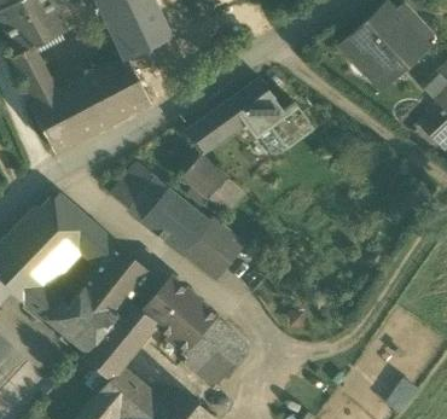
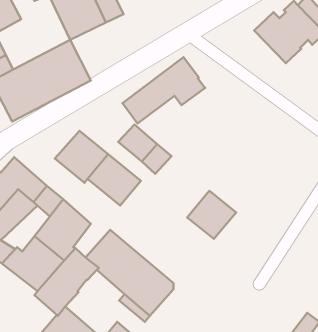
building: [256,103,312,155] -> none
building: [184,220,242,277] -> [187,191,236,239]

